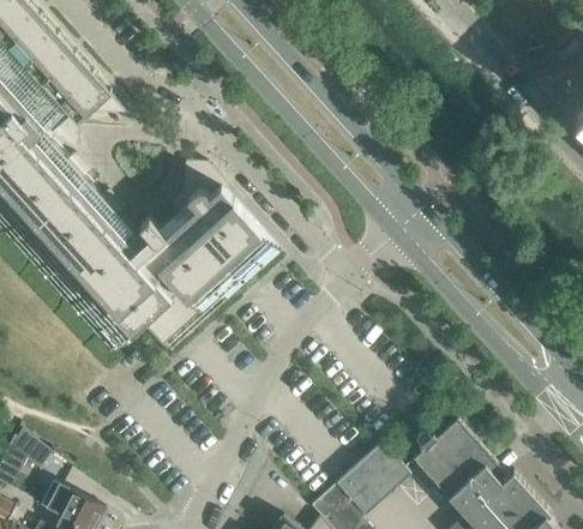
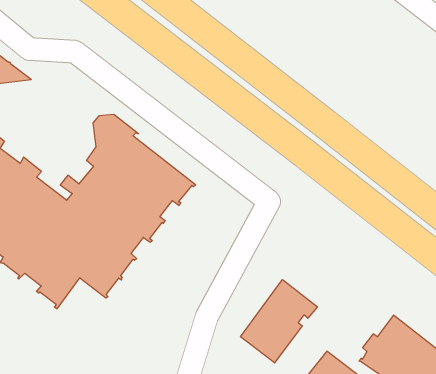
building: none -> [241,280,318,363]

